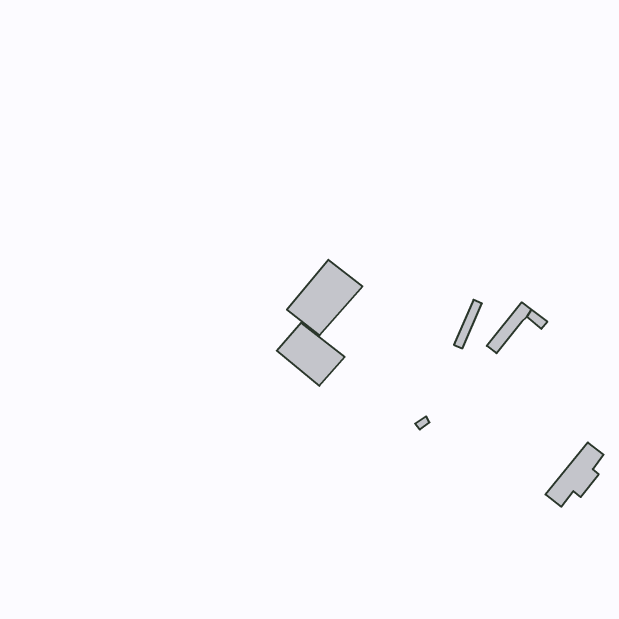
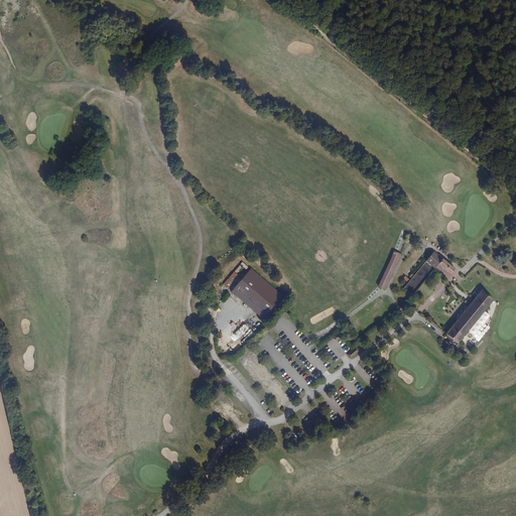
building: [287,260,362,335] -> none
building: [545,442,604,507] -> [445,289,494,343]

